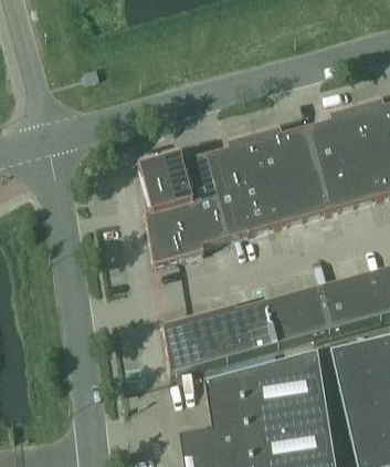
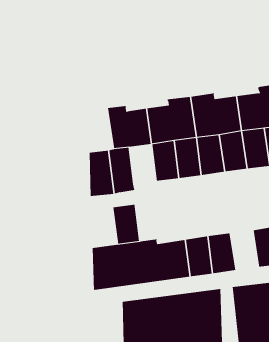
building: [139,159,173,214] -> none
building: [191,195,228,243] -> [113,204,140,244]
building: [320,279,358,328] -> none

